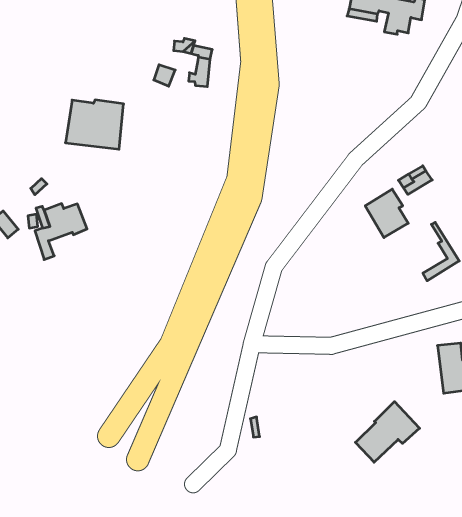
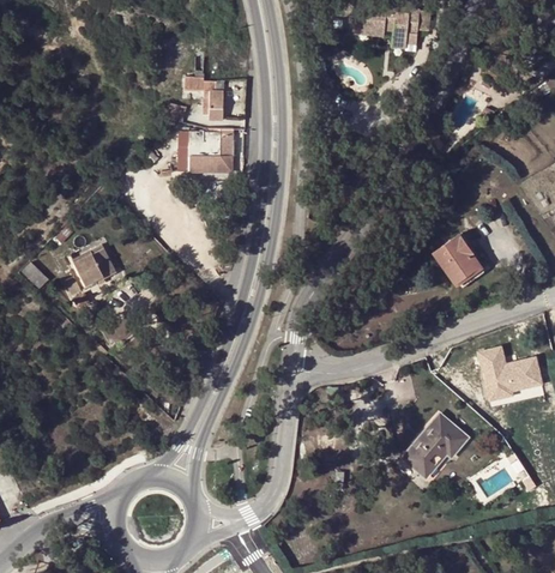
building: [65,100,124,149] -> [177,127,231,174]
building: [365,189,408,238] -> [433,234,477,283]

